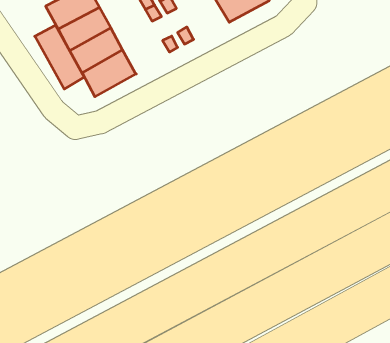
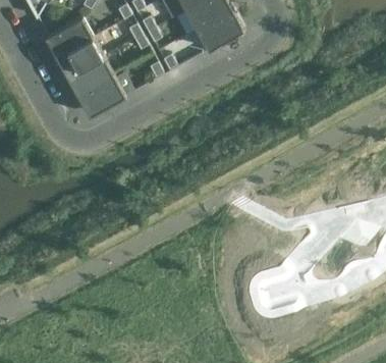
building: [35,25,84,89] -> none

